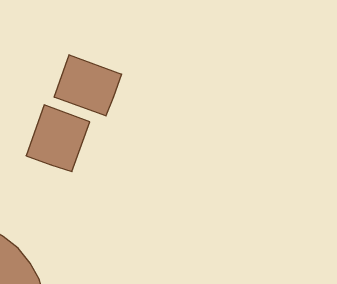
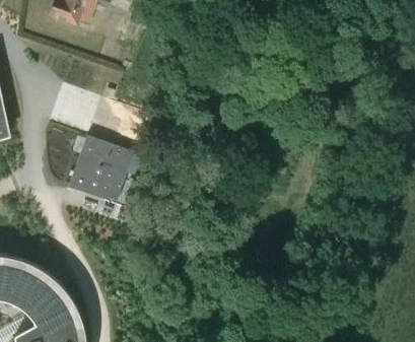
building: [54,55,122,116] -> none

